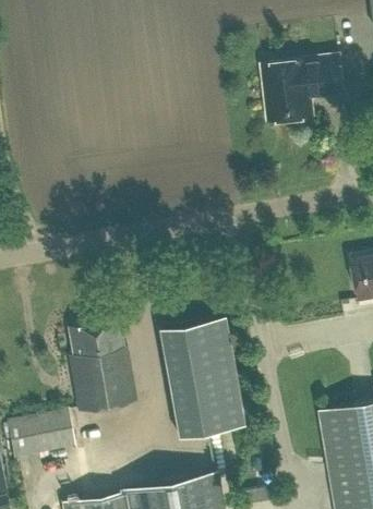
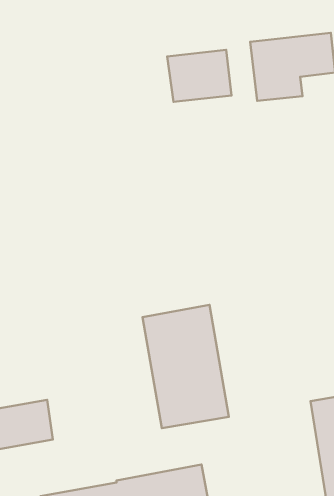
building: none -> [167,50,232,102]
building: [67,319,134,410] -> none

